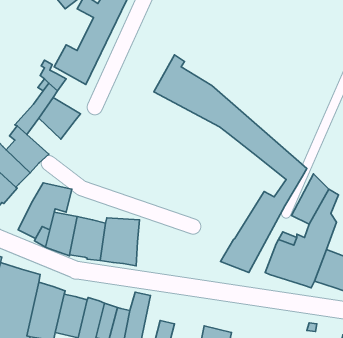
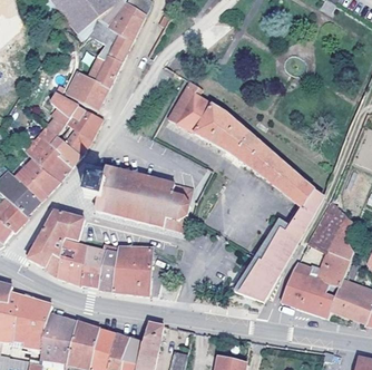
building: none -> [63,104,102,139]
building: none -> [37,144,71,181]
building: none -> [82,165,192,231]

